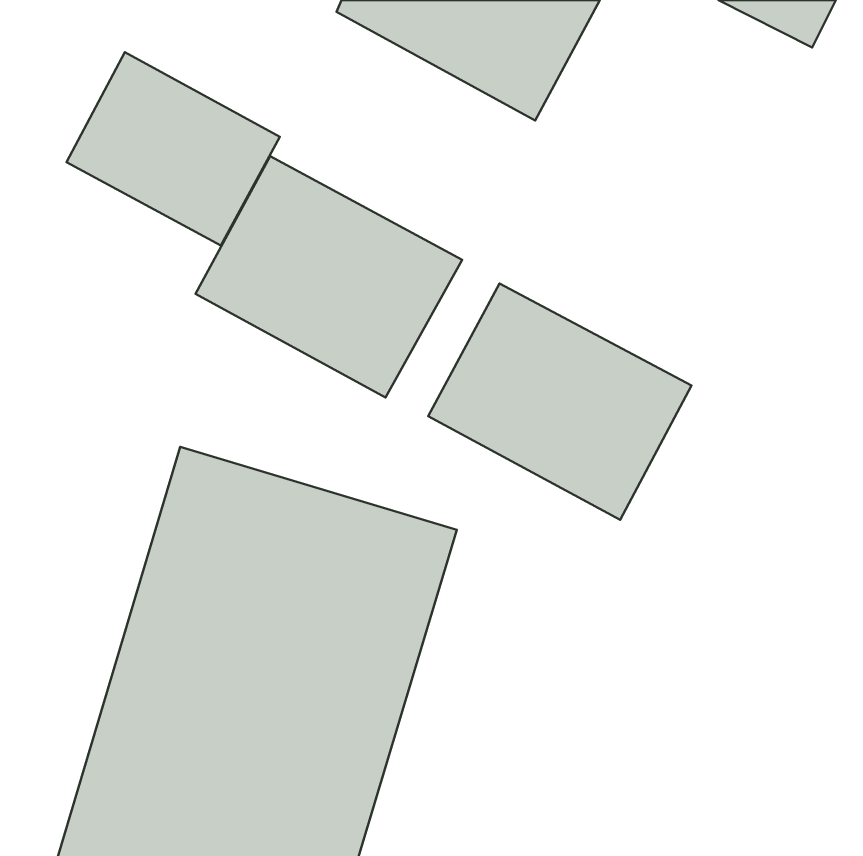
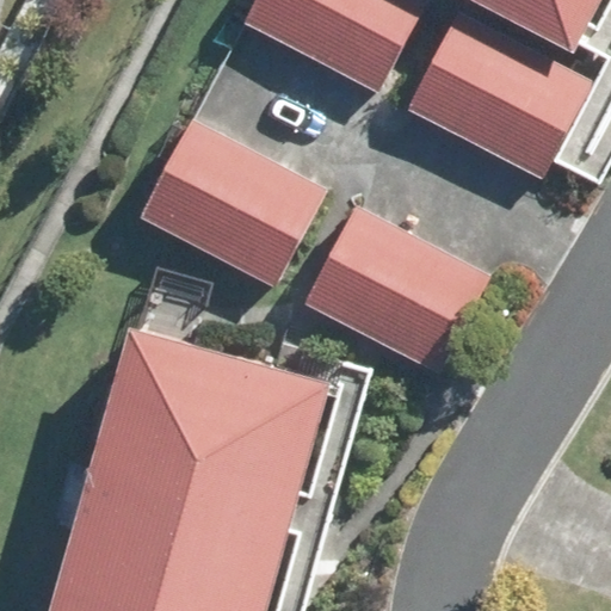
building: none -> [412,13,595,181]
building: [67,52,280,246] -> none

